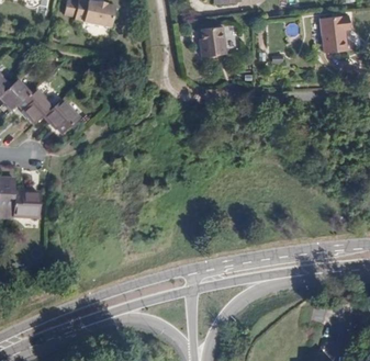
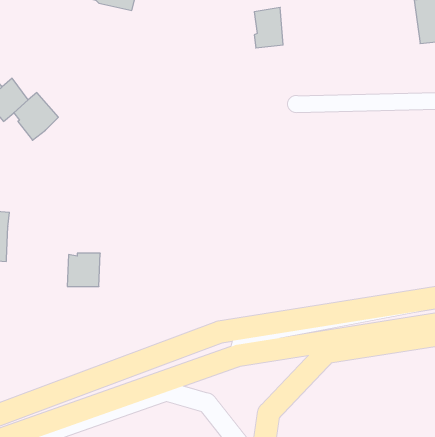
building: [43,101,78,135] -> none
building: [13,191,38,216] -> [67,253,100,286]

